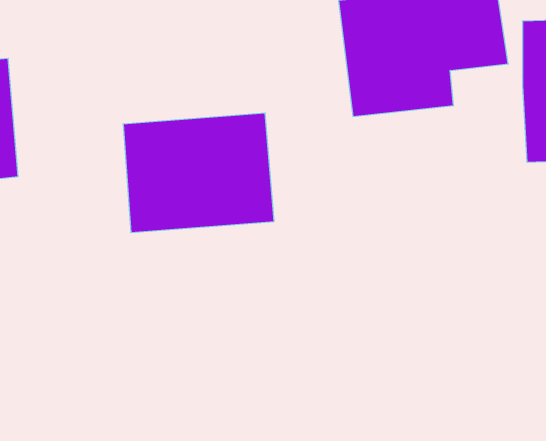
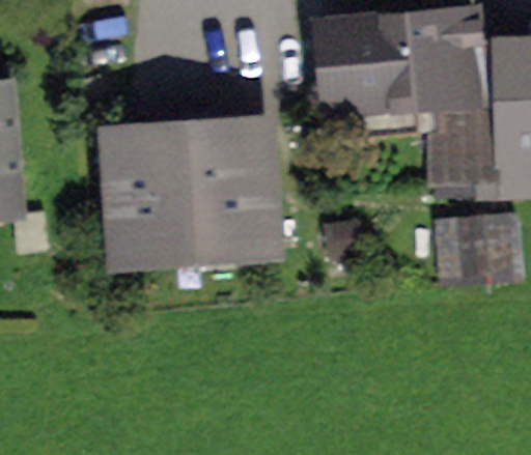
building: none -> [453,106,503,192]
building: none -> [438,214,508,268]

